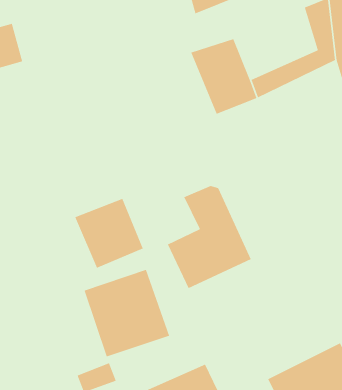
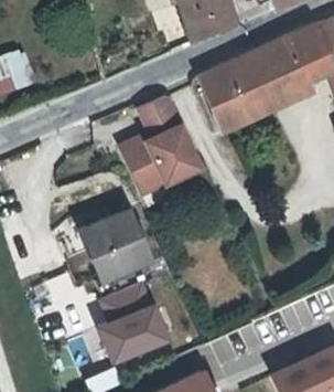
building: none -> [229,34,306,102]
building: [167,185,252,289] -> [123,94,203,191]

